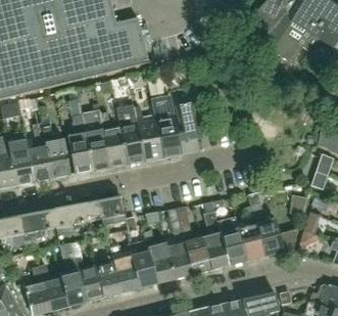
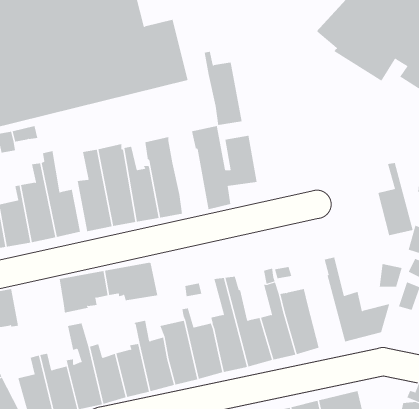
building: [135,105,163,161] -> [204,51,242,126]
building: [238,206,264,260] -> [378,163,413,236]
building: [18,209,56,249] -> none

